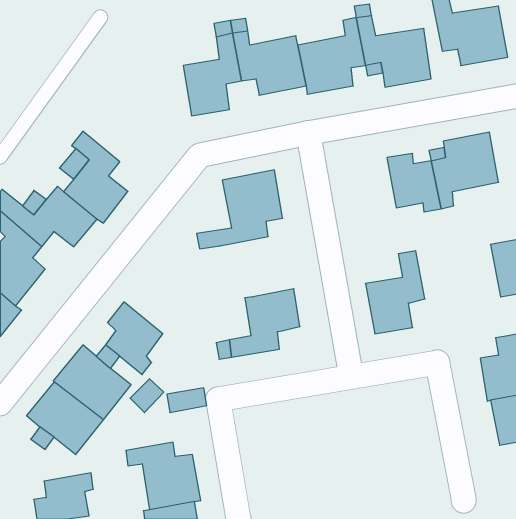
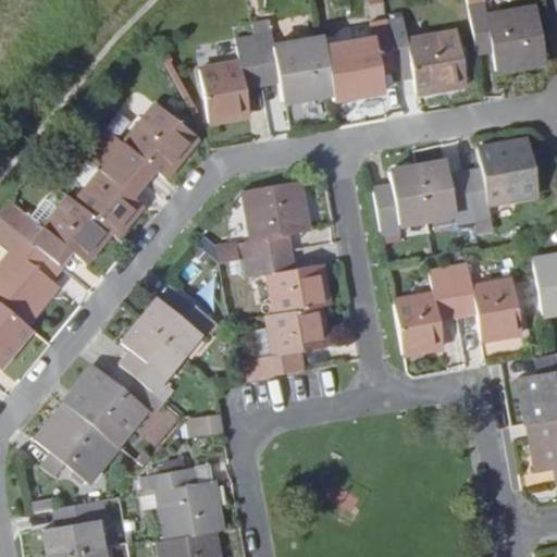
building: none -> [96,103,198,175]
building: none -> [375,168,429,239]
building: none -> [242,251,329,315]
building: none -> [449,262,522,341]
building: none -> [139,293,219,355]

